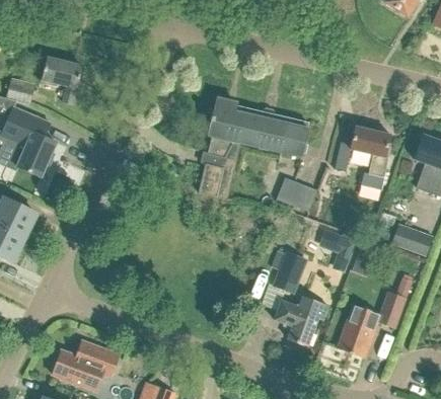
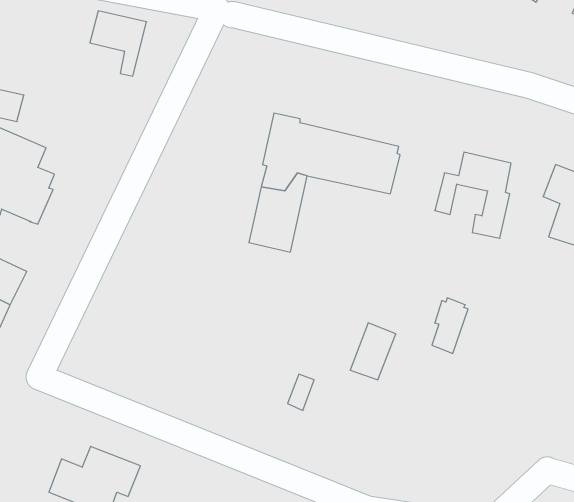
building: [41,57,82,104] -> [90,11,147,76]
building: [276,176,316,211] -> none
building: [391,227,431,254] -> none
building: [337,276,411,356] -> none
building: [274,295,327,345] -> none

